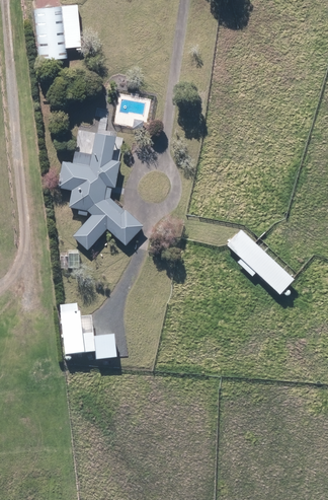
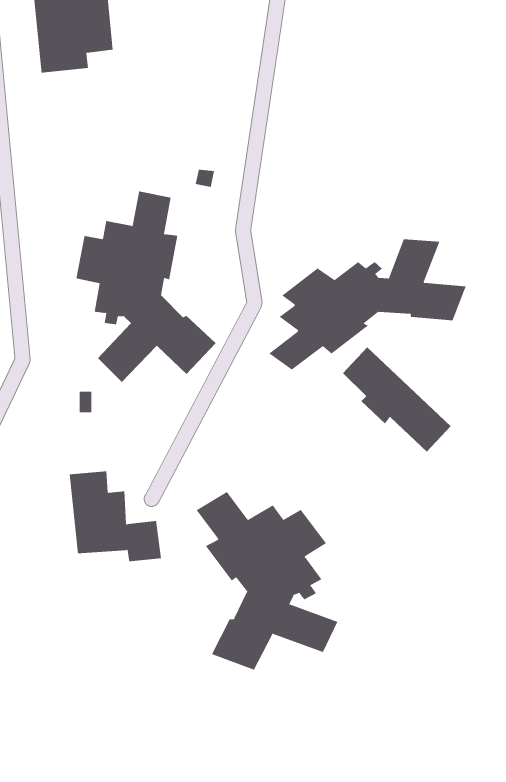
building: none -> [268,239,467,371]
building: none -> [196,491,338,670]

